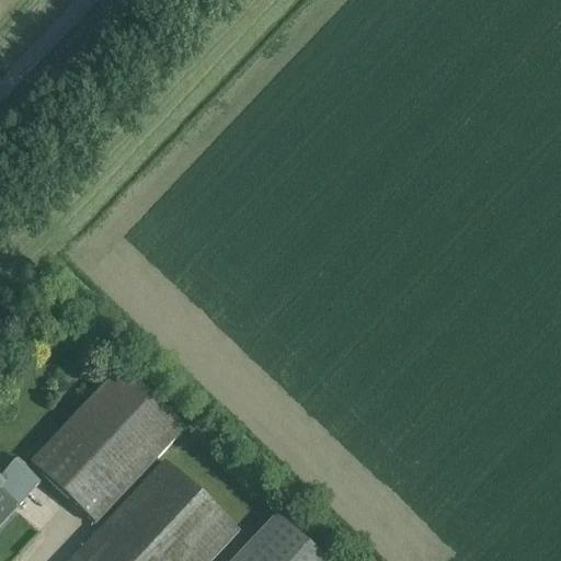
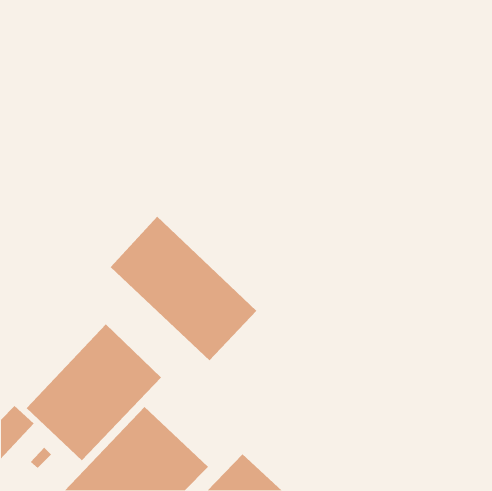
building: none -> [110,216,257,361]

